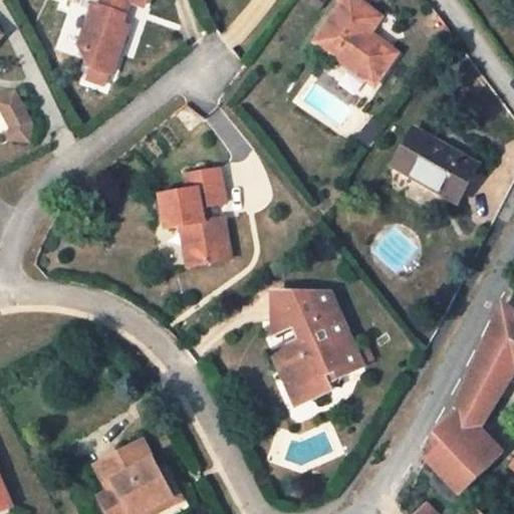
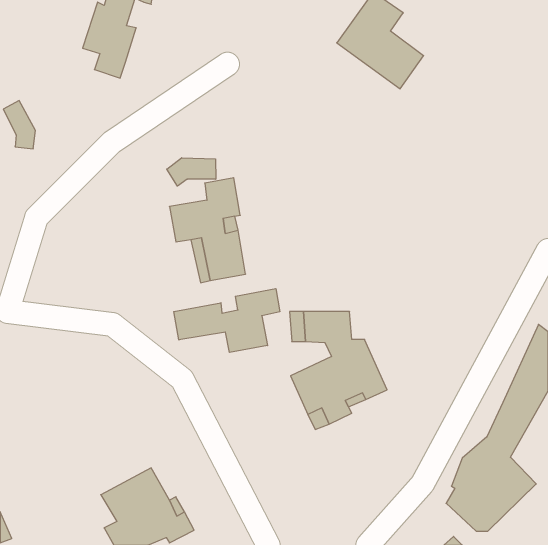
building: [394,130,476,199] -> none
building: none -> [167,158,216,186]
building: none -> [174,289,280,352]

